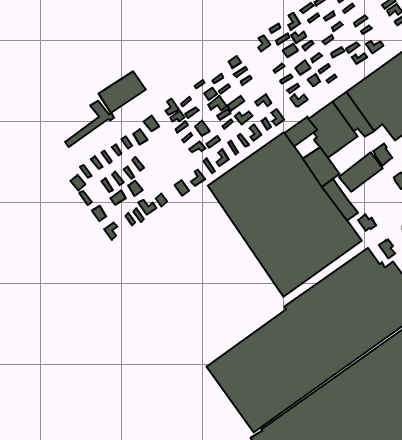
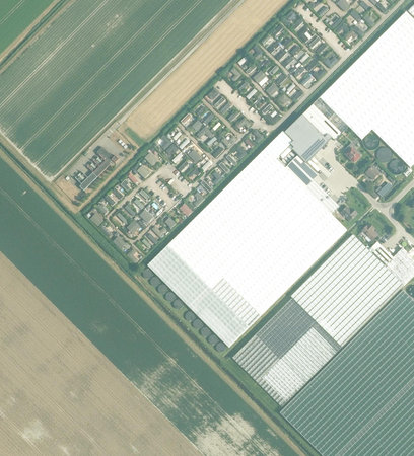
building: [98,71,146,113] -> none
building: [339,152,383,192] -> none
building: none -> [147,204,288,346]

